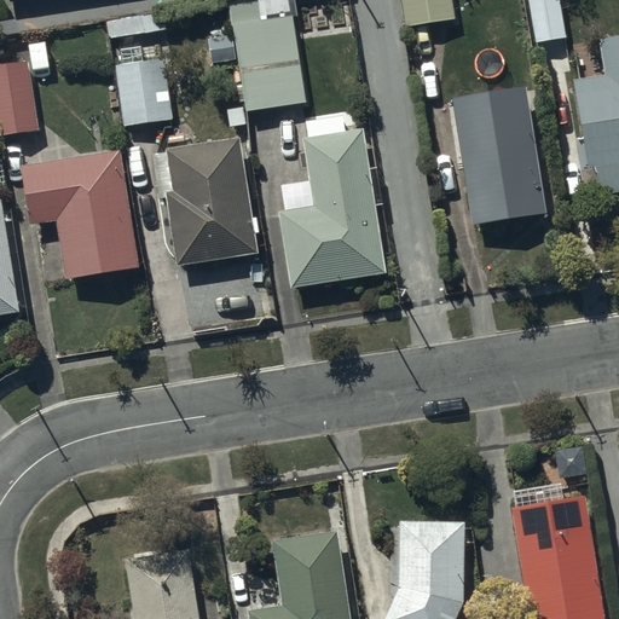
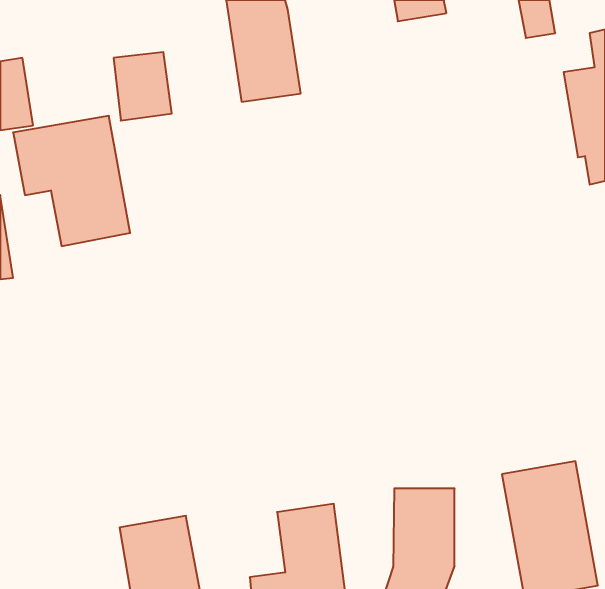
building: [453,96,548,235] -> none
building: [282,123,382,285] -> none
building: [161,131,251,258] -> none

